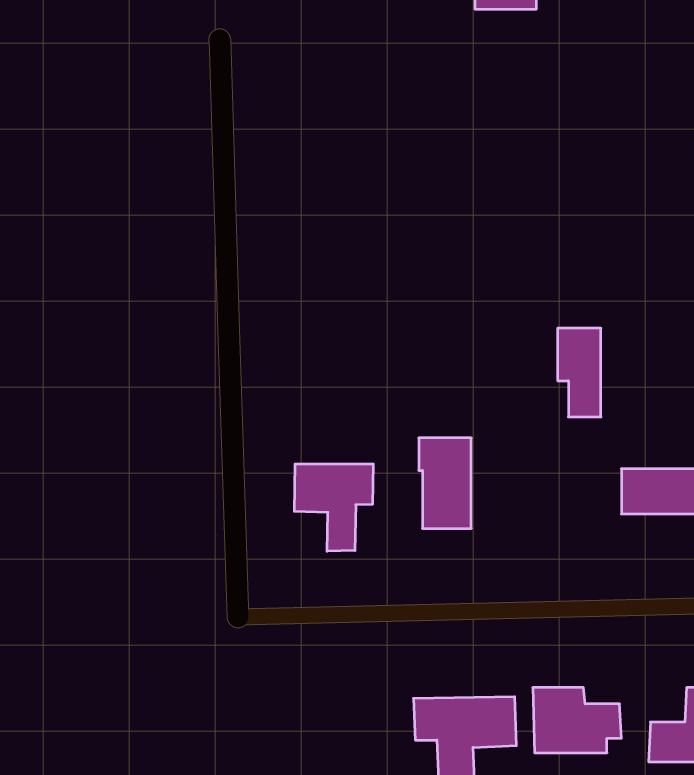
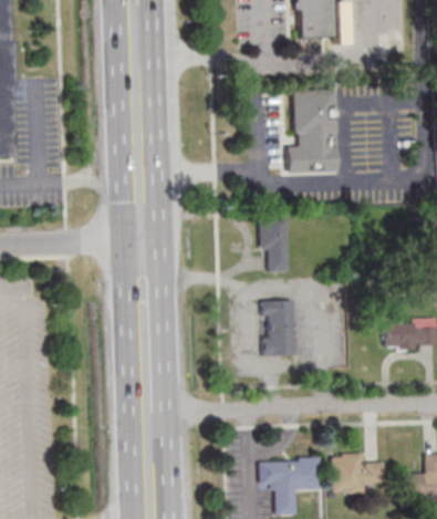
building: none -> [287,89,337,173]
building: [558,328,601,417] -> [261,217,288,271]
building: [294,464,373,551] -> none

